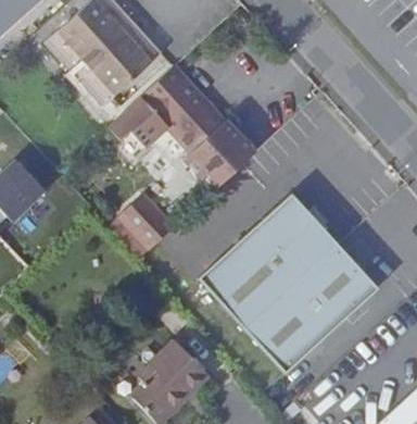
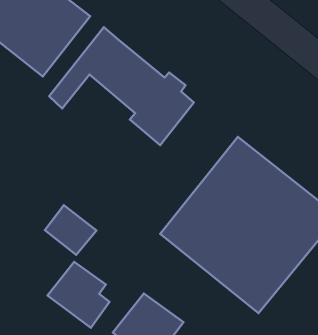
building: [122,198,173,249] -> [45,205,96,255]
building: none -> [48,262,110,328]

